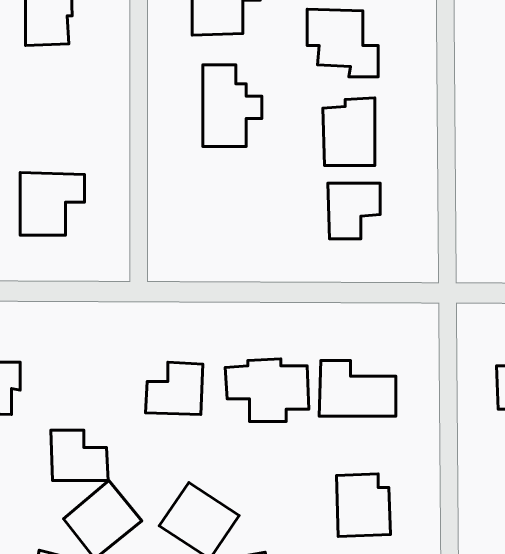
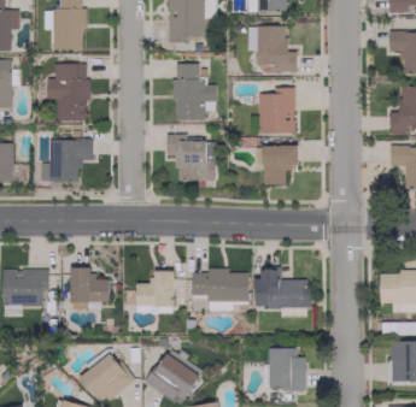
building: none -> [48,64,88,122]
building: none -> [166,134,216,181]
building: [51,430,108,481] -> [71,267,111,302]

